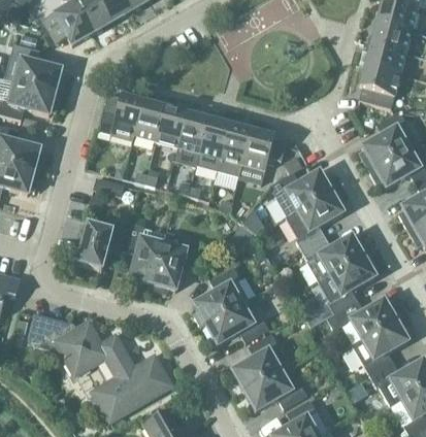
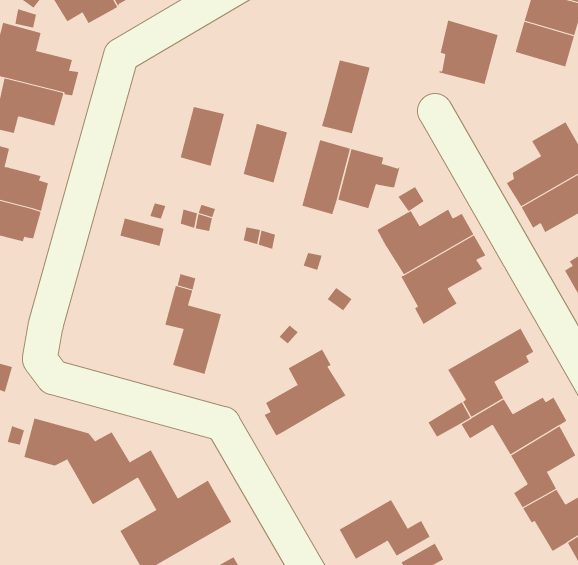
building: [358,63,399,107] -> [438,20,499,85]
building: [97,93,143,140] -> none
building: [156,105,187,146] -> none
building: [196,117,230,168] -> [321,60,371,134]
building: [76,222,124,269] -> none
building: [151,231,200,293] -> none
building: [301,234,368,280] -> none
building: [204,302,268,343] -> none
building: [231,332,280,390] -> none

